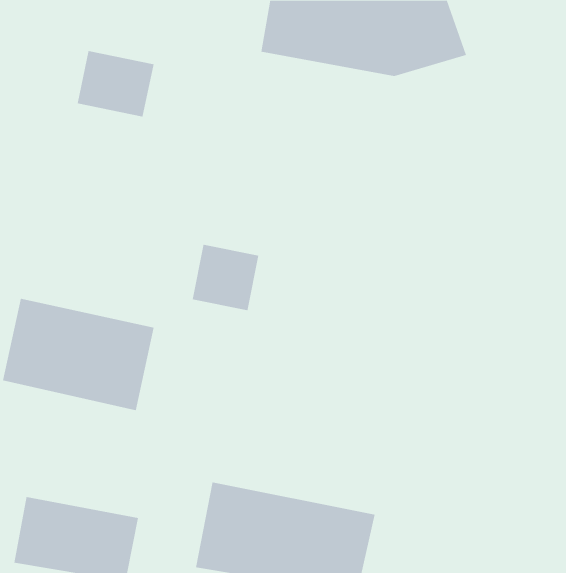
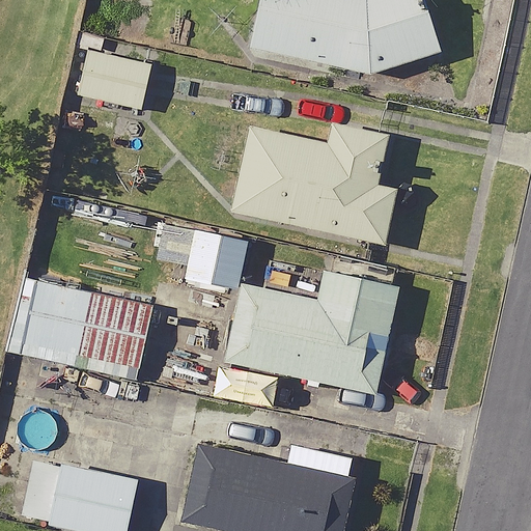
building: none -> [234,128,396,244]
building: none -> [228,263,399,392]

